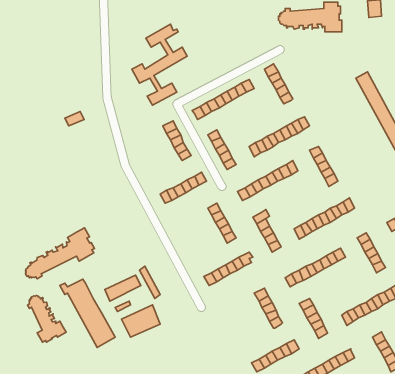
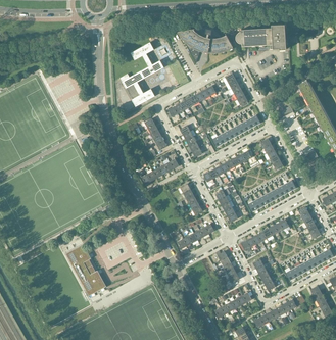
building: none -> [179,28,233,62]
building: [25,228,95,279] -> none
building: [28,296,66,342] -> none

